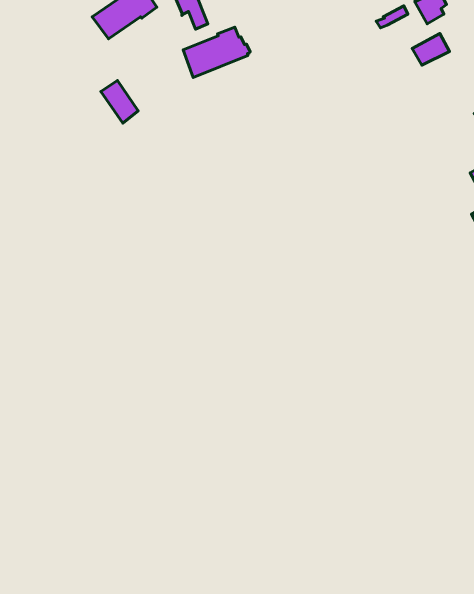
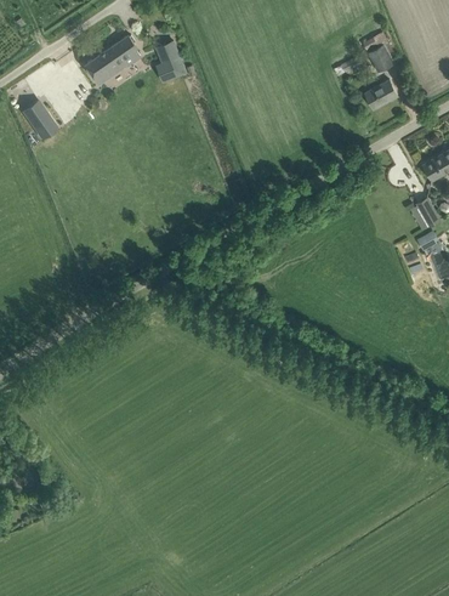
building: [183,27,250,77] -> none
building: [101,80,138,123] -> [24,101,57,138]

